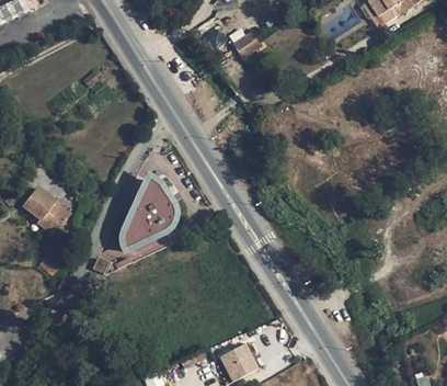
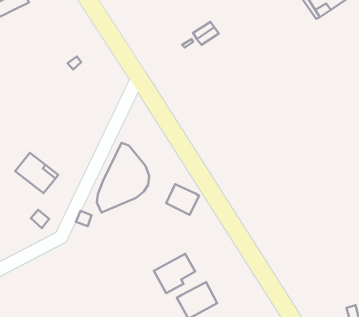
building: none -> [166,184,199,215]
building: none -> [154,254,195,293]

